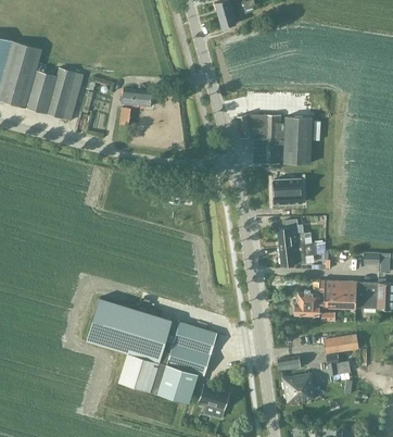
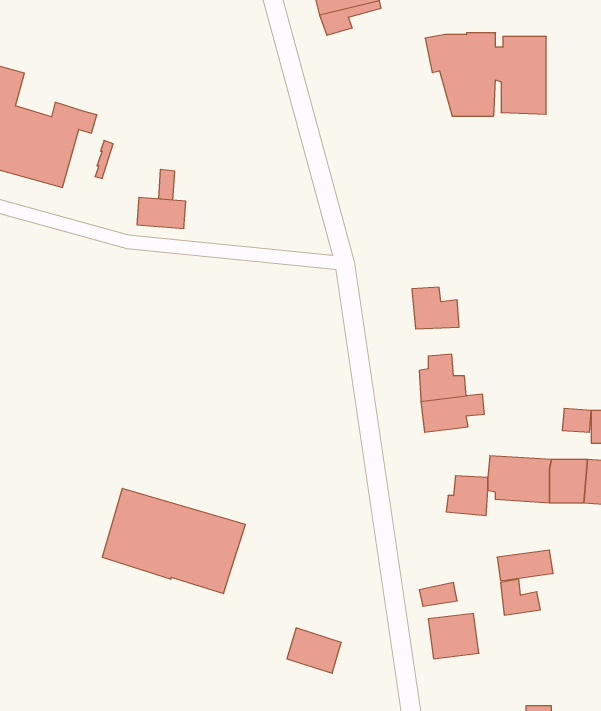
building: [123,89,152,108] -> [137,198,186,228]
building: [237,113,309,163] -> [425,33,546,116]
building: [119,323,217,403] -> none

